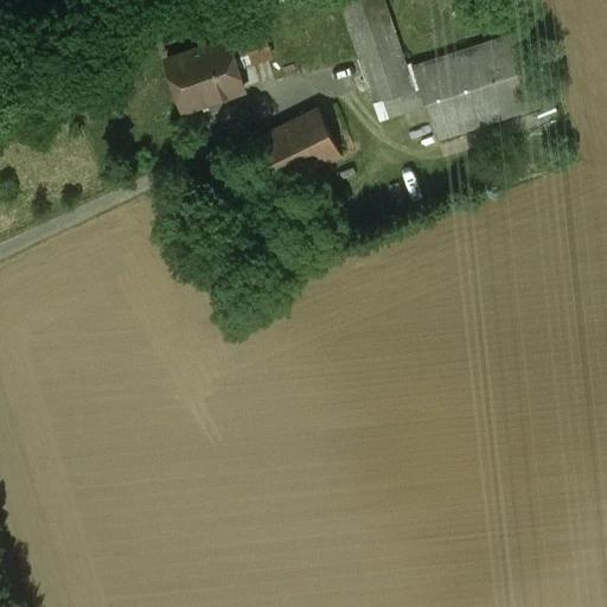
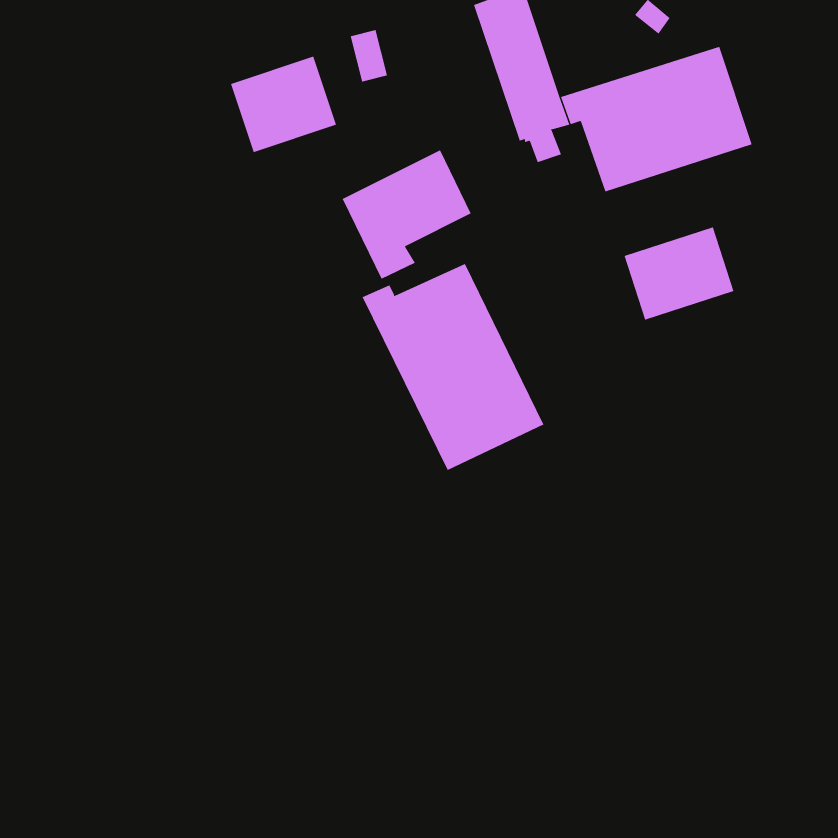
building: none -> [624,227,734,320]
building: none -> [362,263,544,471]

